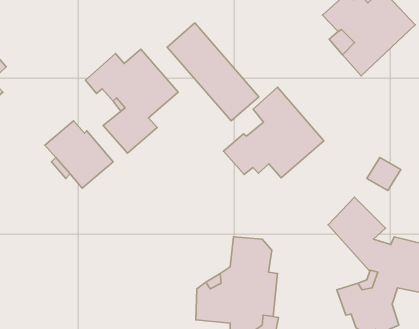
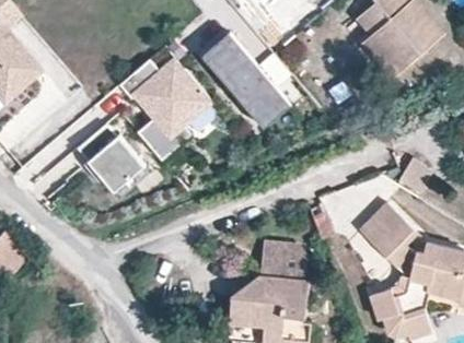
building: [223,87,324,178] -> none

